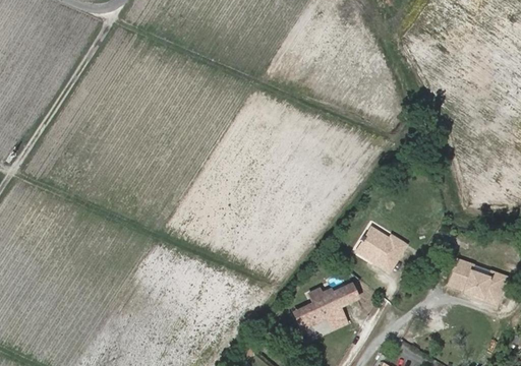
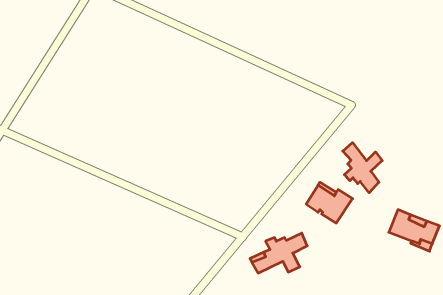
building: none -> [343,143,382,193]

